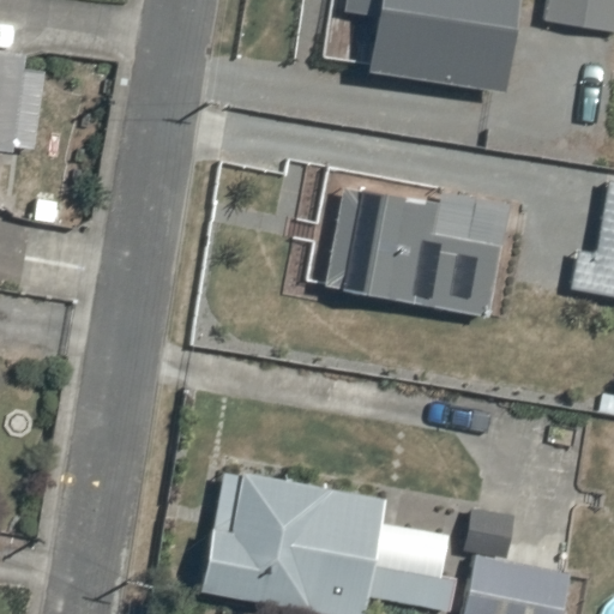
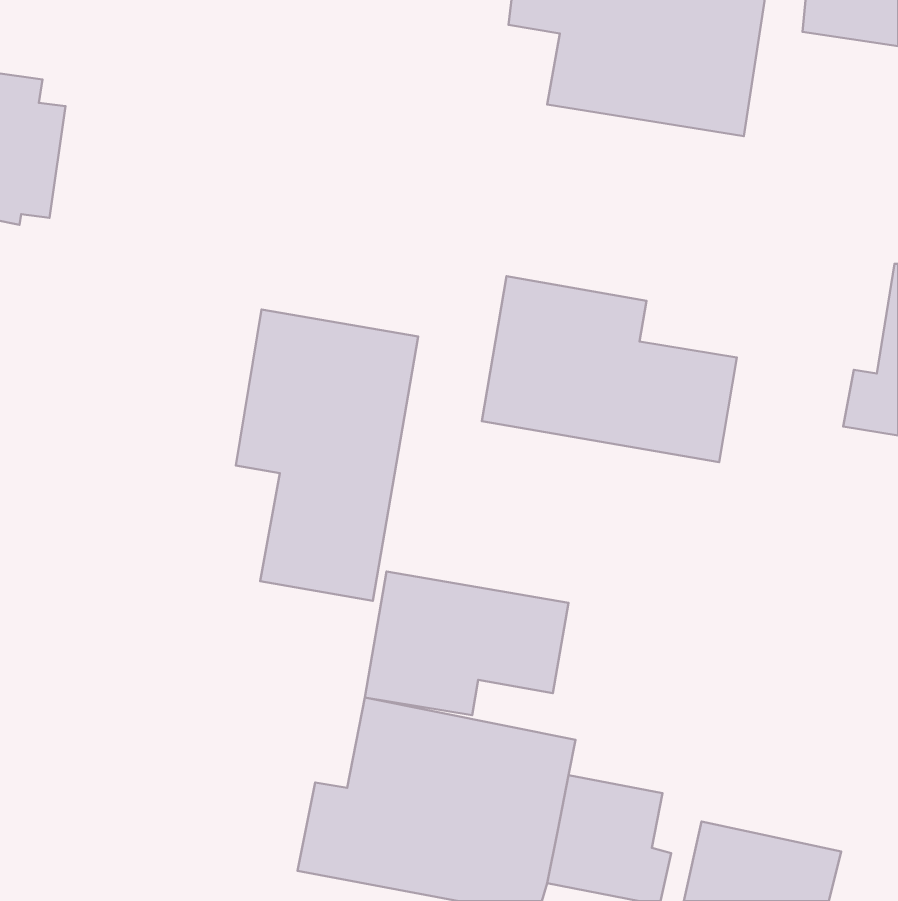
building: none -> [236,310,418,601]
building: none -> [365,572,568,715]

